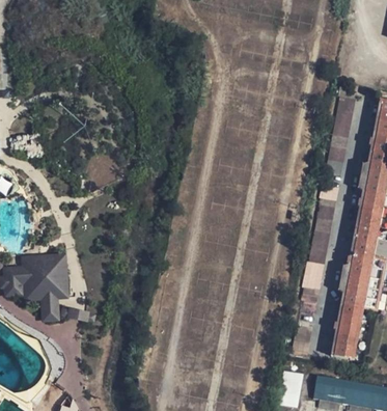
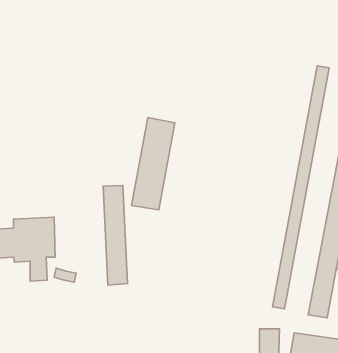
building: none -> [132,118,175,210]
building: none -> [103,186,128,285]

